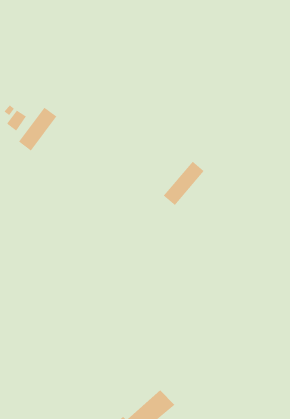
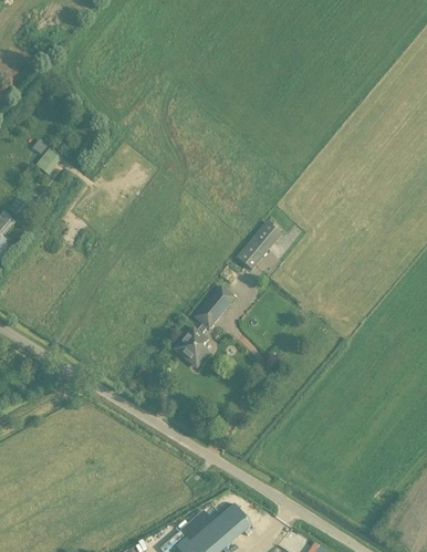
building: [18,107,57,151] -> none
building: none -> [171,285,233,369]

